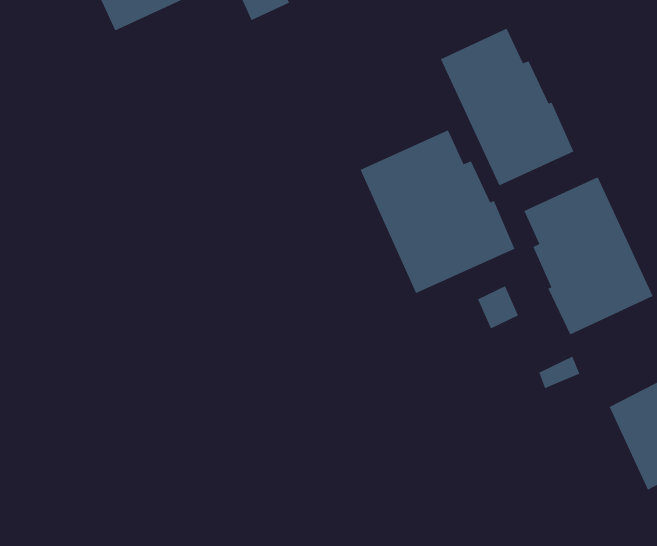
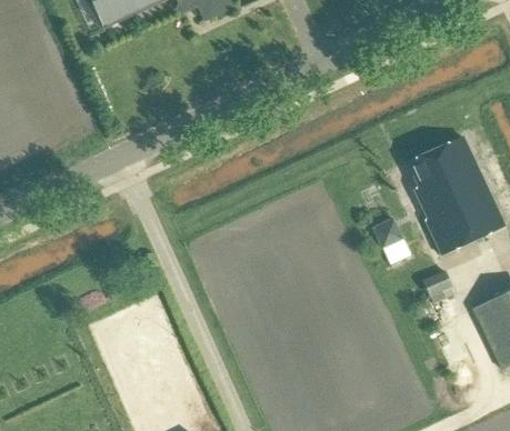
building: [440,28,574,186] -> none
building: [360,129,515,294] -> none

